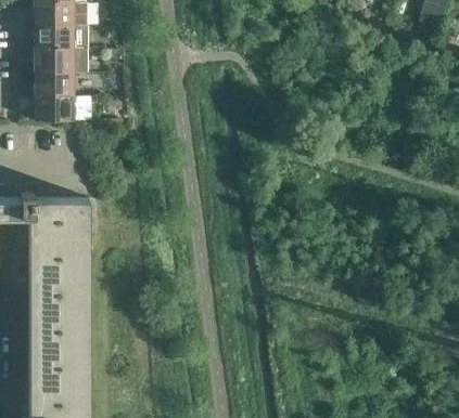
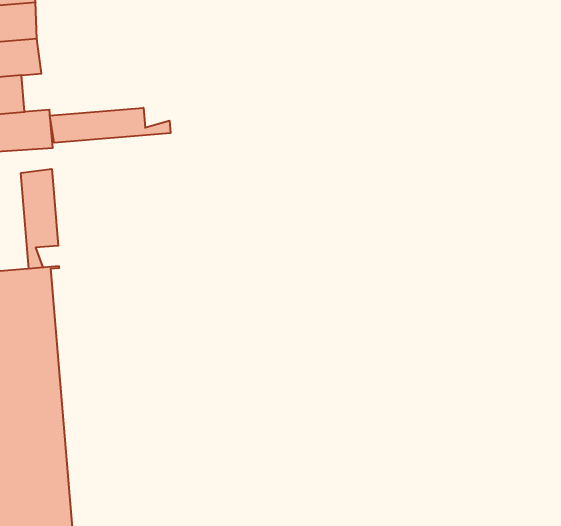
building: none -> [50,108,171,143]
building: none -> [21,169,58,269]

